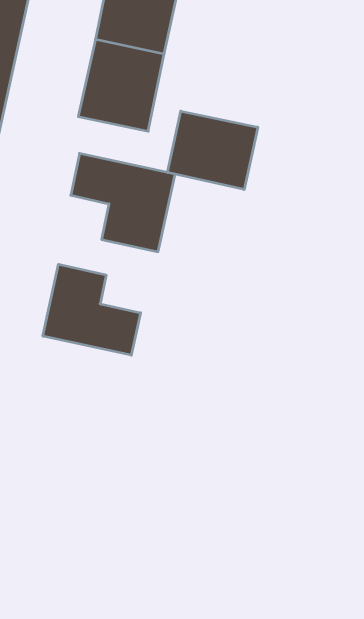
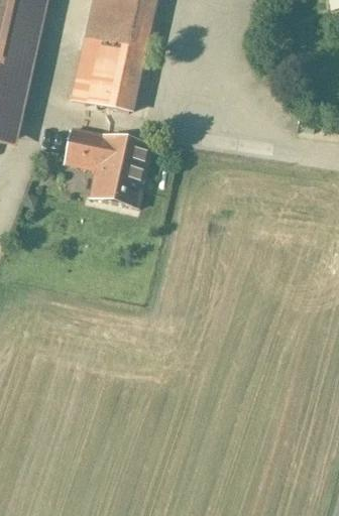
building: [168,111,258,190] -> none
building: [43,264,141,355] -> none

